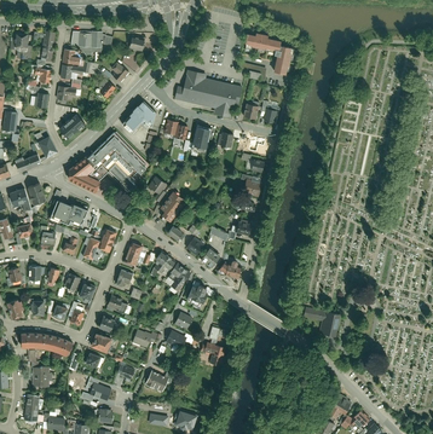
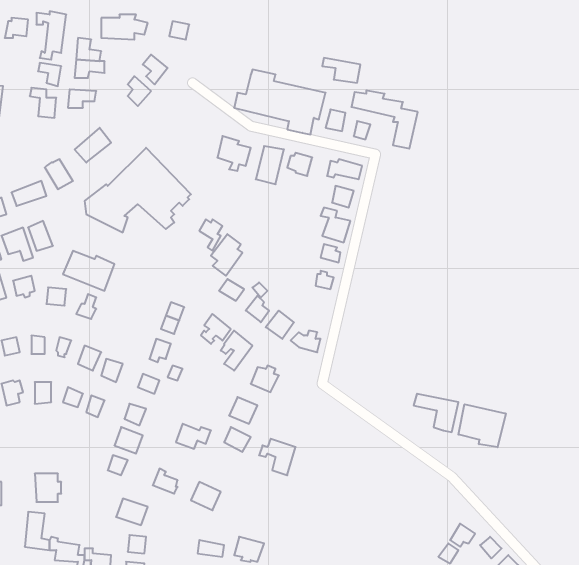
building: [243,31,291,74] -> [351,90,418,149]
building: [120,99,155,133] -> none
building: [83,228,119,262] -> none
building: none -> [458,404,506,447]
building: [21,331,73,354] -> none

